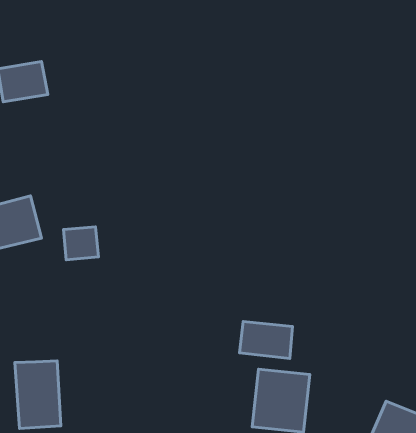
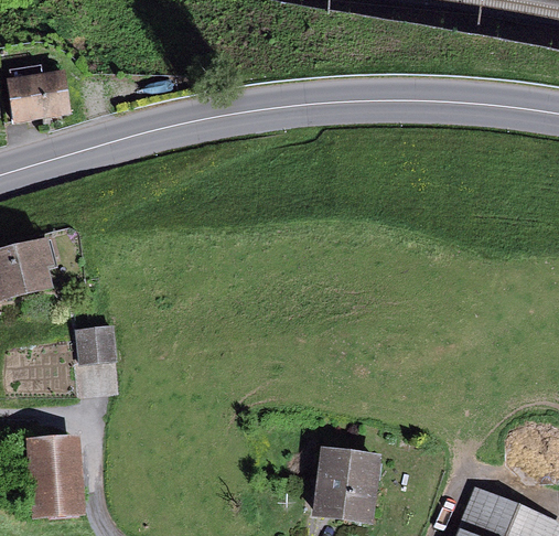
building: [64,227,98,260] -> [74,324,116,364]
building: [240,321,293,359] -> none

